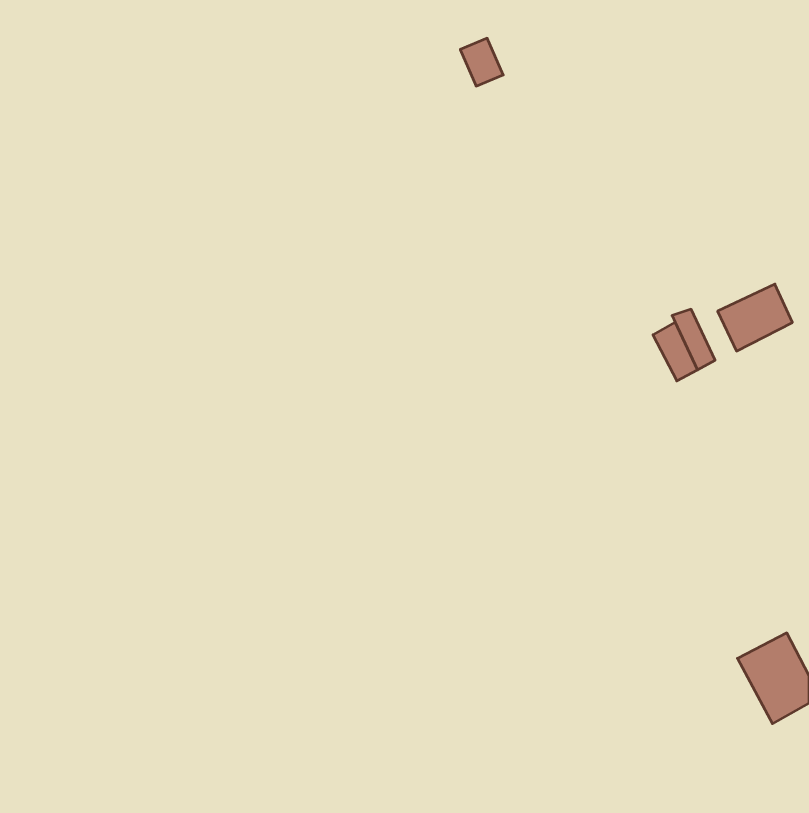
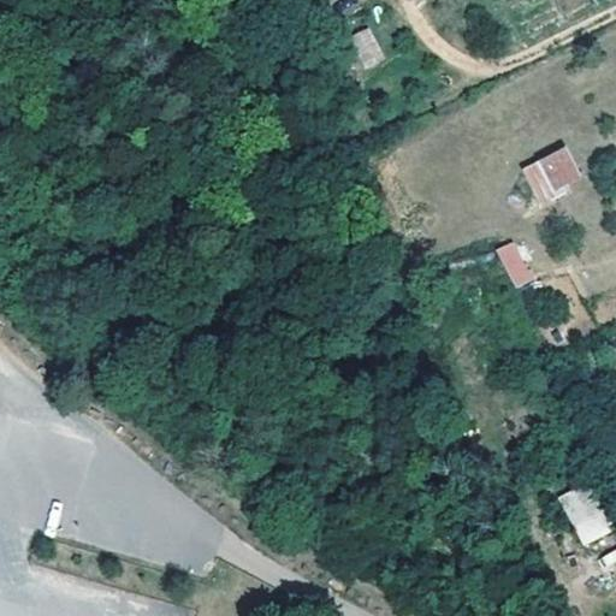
building: [718,284,792,351] -> [520,149,576,200]

